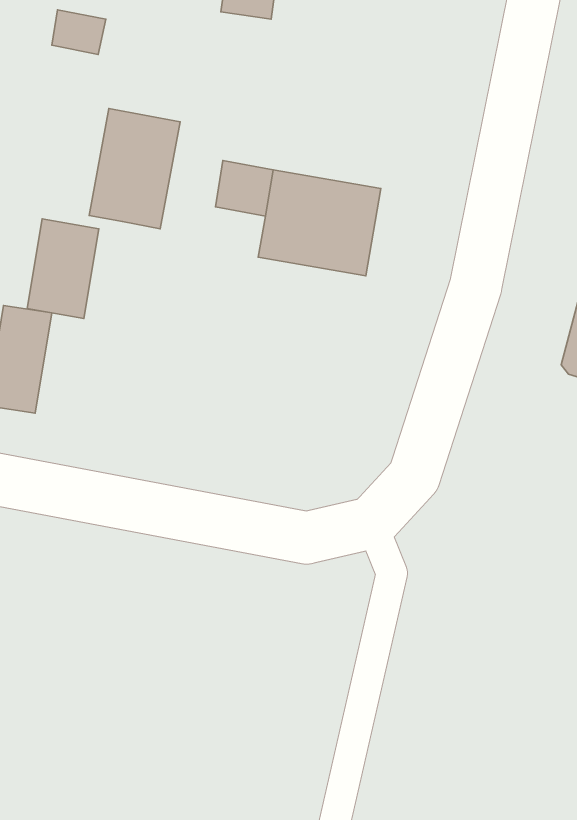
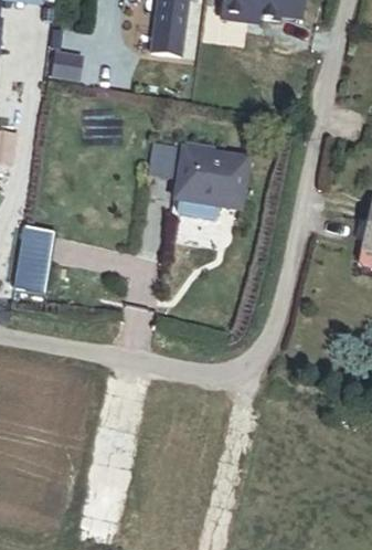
building: [89,108,180,229] -> none
building: [27,219,99,319] -> none

